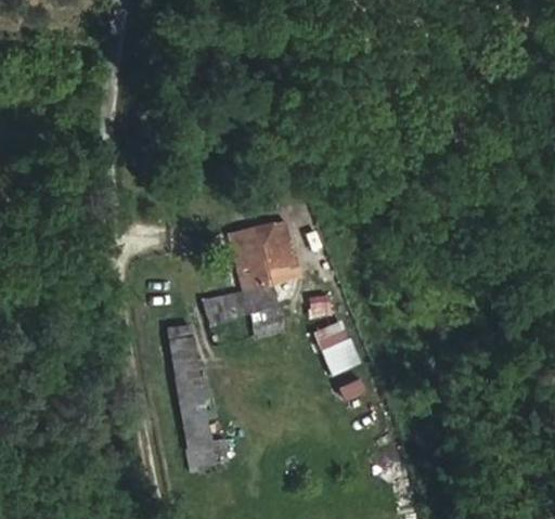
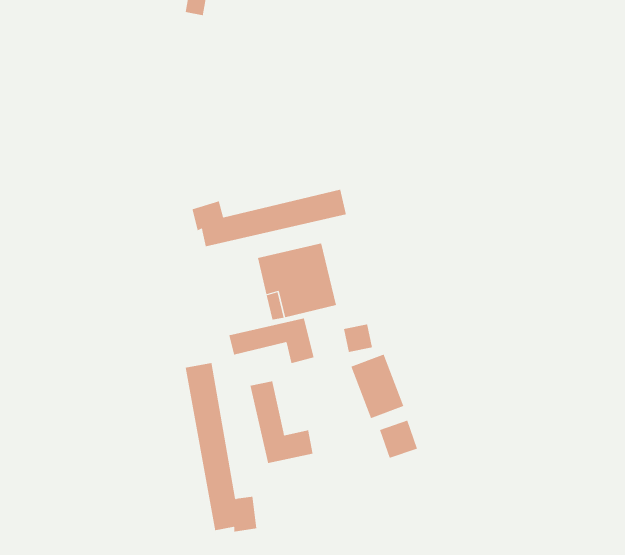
building: none -> [192,189,347,247]
building: none -> [250,380,313,464]

